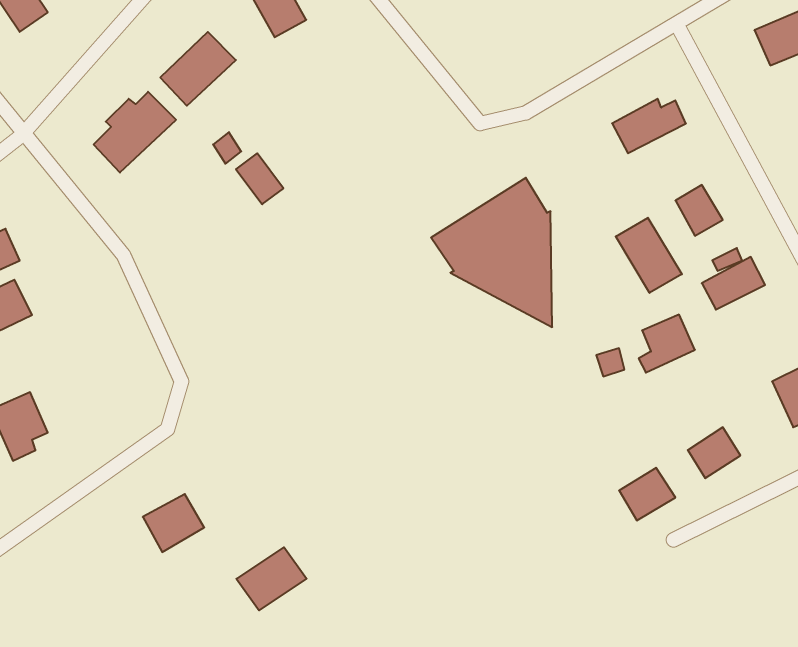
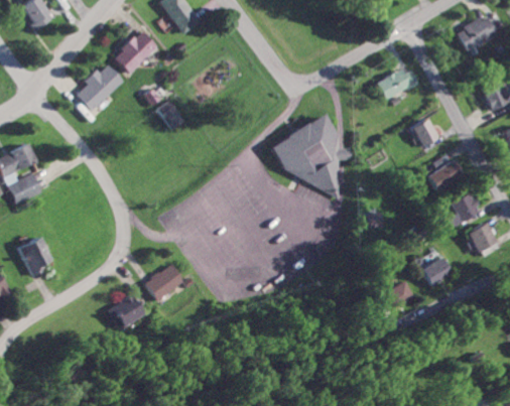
building: [616,218,682,293] -> none
building: [639,315,695,373] -> [444,192,477,226]
building: [236,547,307,610] -> [144,264,184,300]

